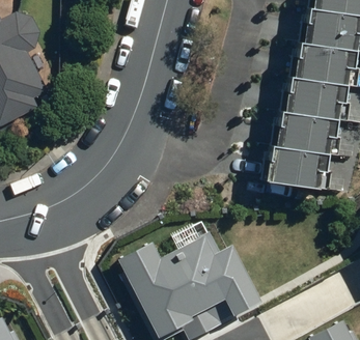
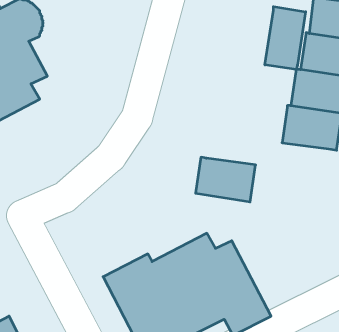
building: none -> [265,7,306,70]
building: [265,144,322,187] -> [196,157,256,202]

